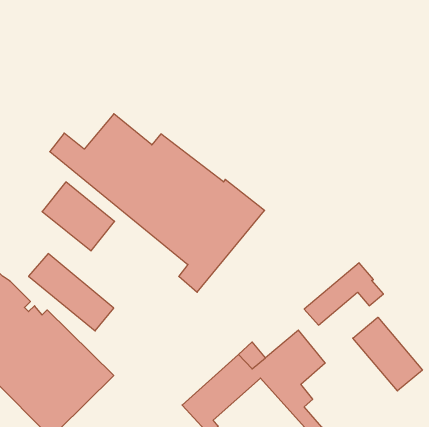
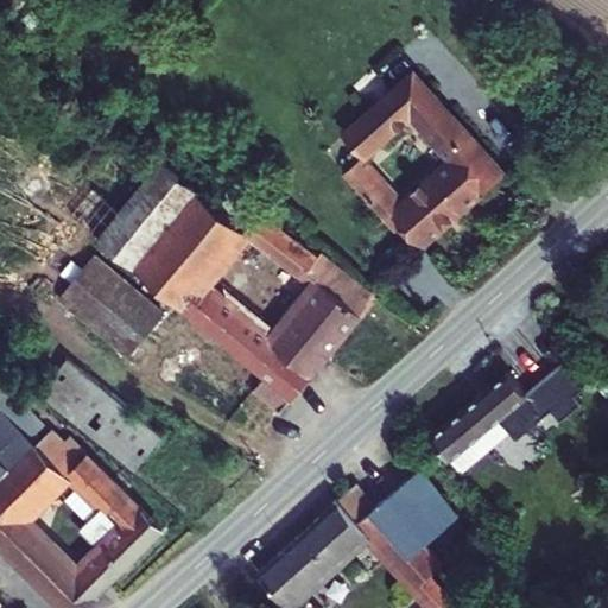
building: none -> [323,77,501,245]
building: none -> [530,360,589,425]
building: [353,317,422,391] -> none

